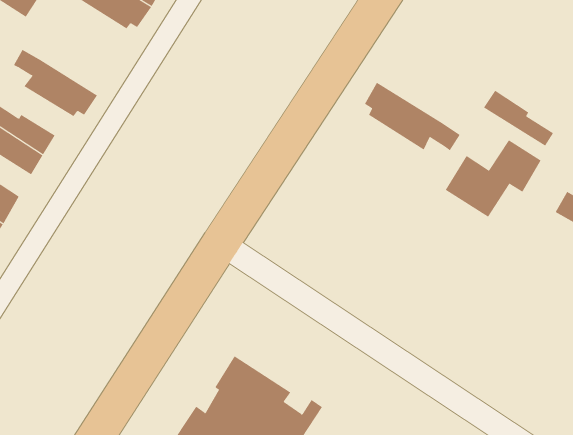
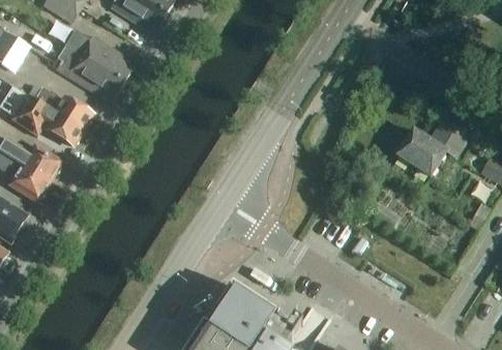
building: none -> [64,29,132,81]
building: [364,82,461,151] -> none
building: [483,90,554,146] -> none

